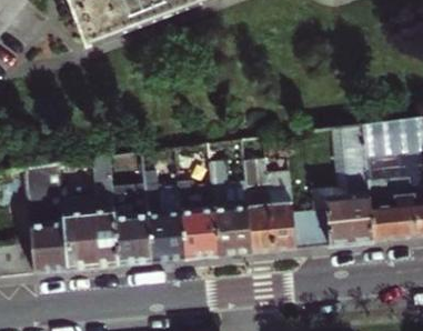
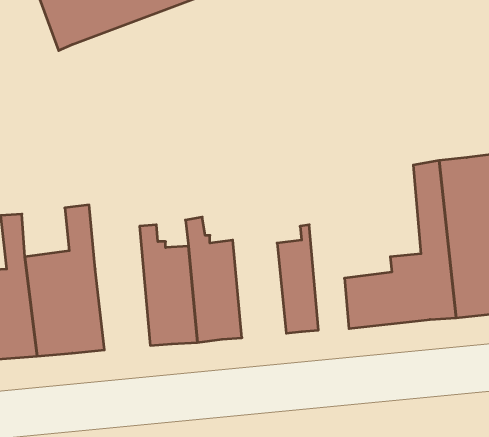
building: [111,154,151,263] -> none
building: [209,162,250,254] -> none
building: [266,170,295,249] -> none

